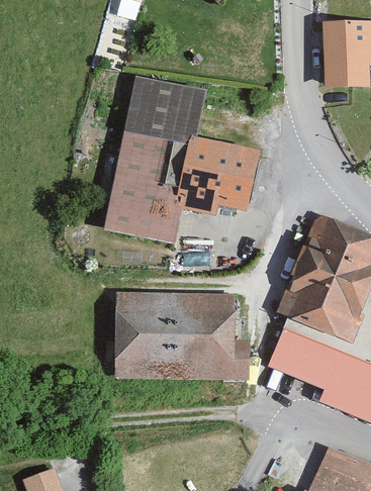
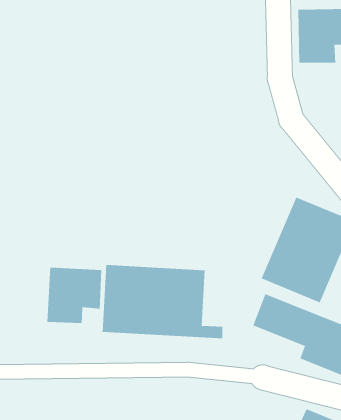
building: [108,86,249,238] -> none
building: none -> [47,267,102,324]

